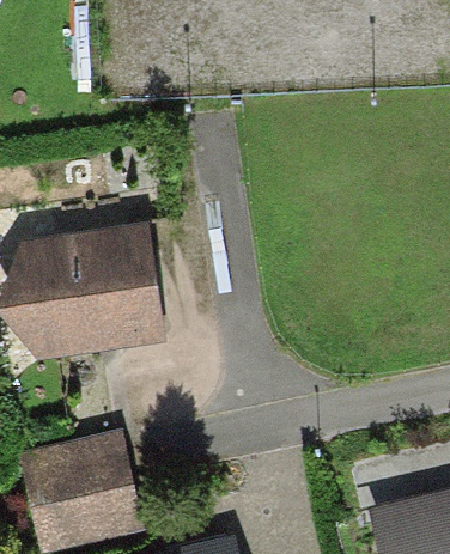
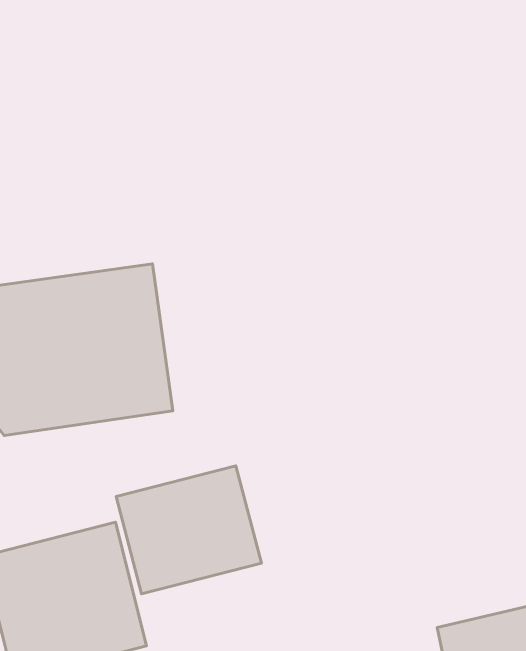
building: none -> [116,466,262,594]

